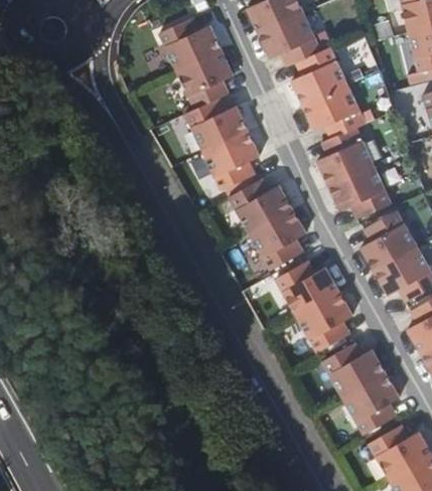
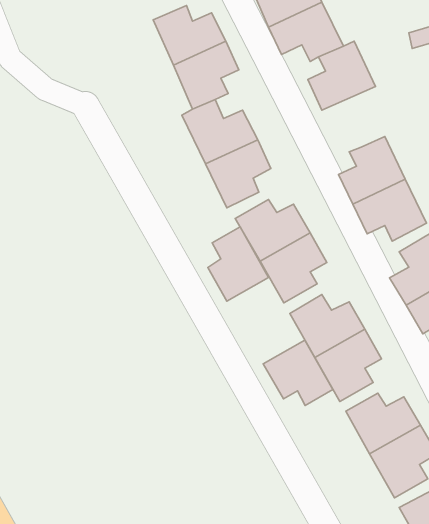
building: [302,87,366,138] -> none
building: none -> [208,227,269,301]
building: none -> [263,340,333,405]

